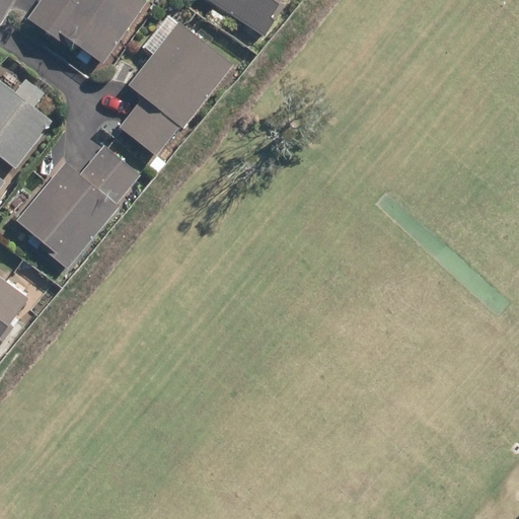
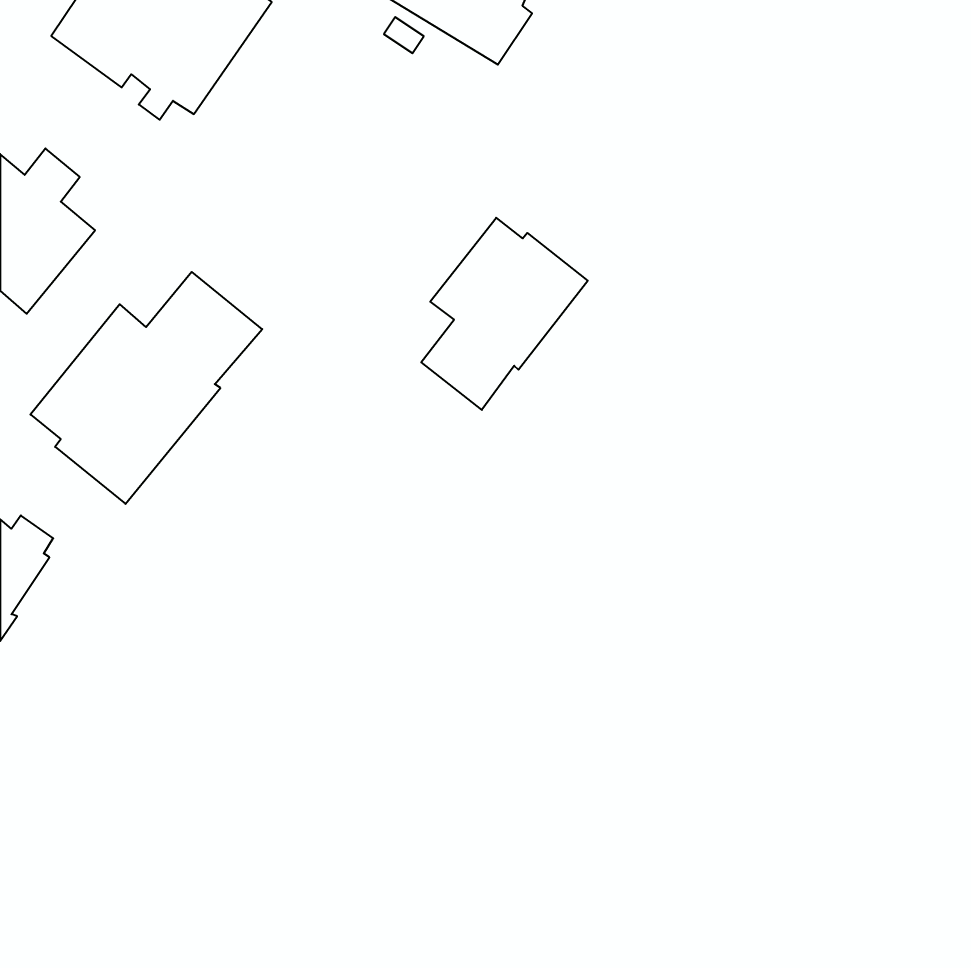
building: [119,14,232,156] -> none
building: none -> [421,218,588,410]

